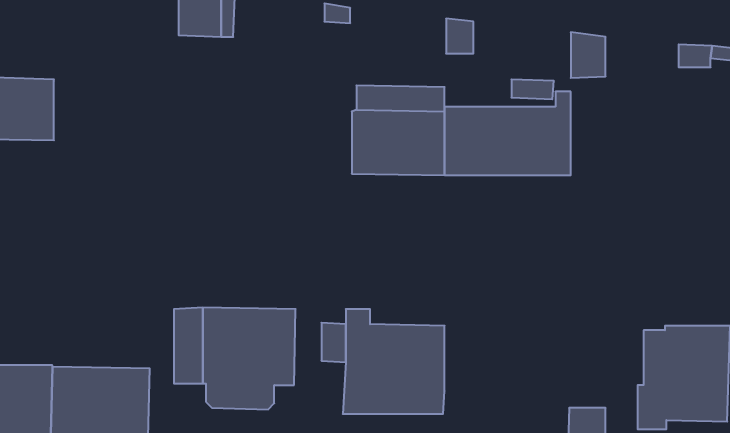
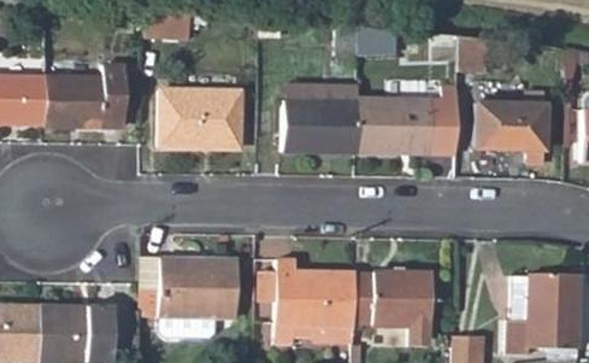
building: none -> [46,69,126,127]
building: none -> [164,80,240,148]
building: none -> [476,90,542,150]
building: none -> [355,273,431,346]

